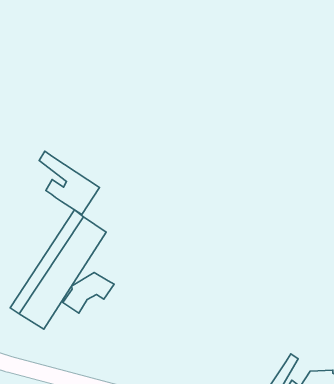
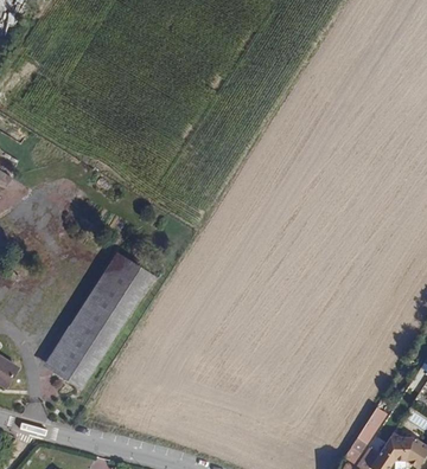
building: [39,151,99,214] -> none
building: [63,272,114,313] -> none

